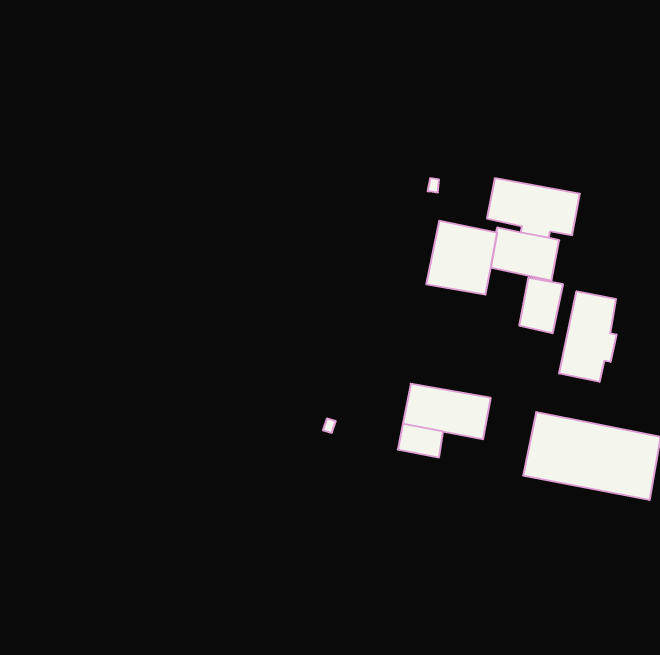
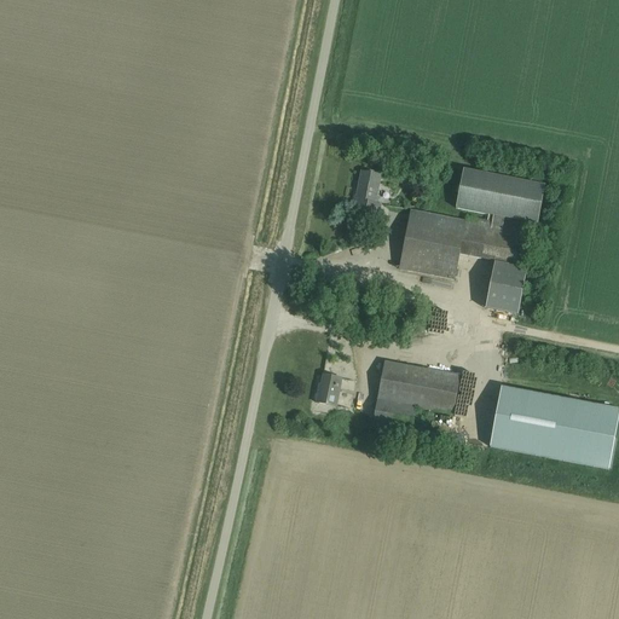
building: none -> [352,168,382,212]
building: [559,291,616,382] -> none
building: none -> [316,371,342,403]

